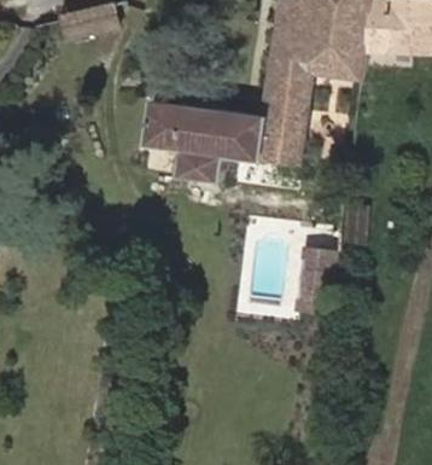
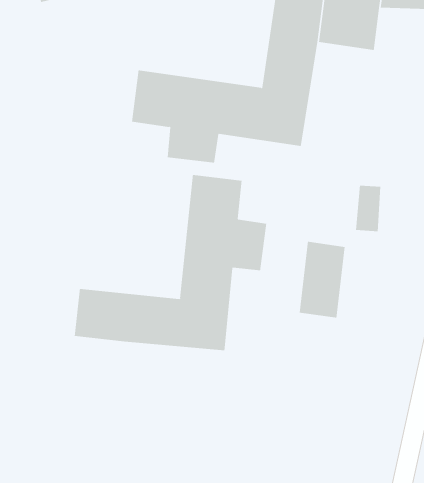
building: none -> [74,174,267,351]

